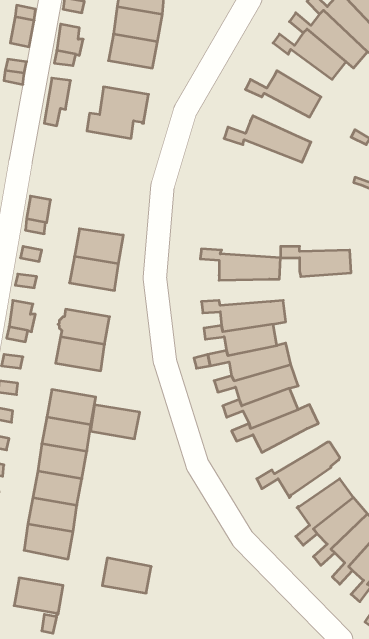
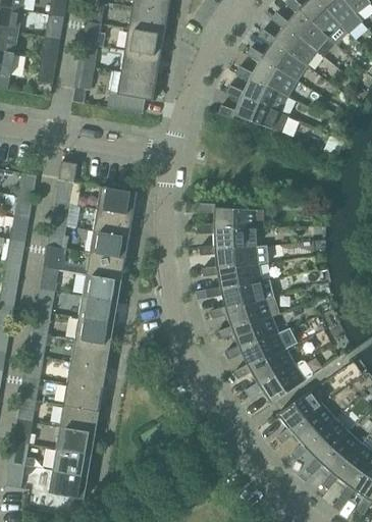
building: none -> [246,41,306,80]
building: none -> [120,50,160,77]
building: none -> [226,76,287,112]
building: [281,246,351,277] -> [199,224,256,249]
building: none -> [90,230,129,258]
building: [91,405,140,439] -> [78,296,118,323]
building: none -> [233,349,294,385]
building: [102,558,151,593] -> [52,448,92,476]

